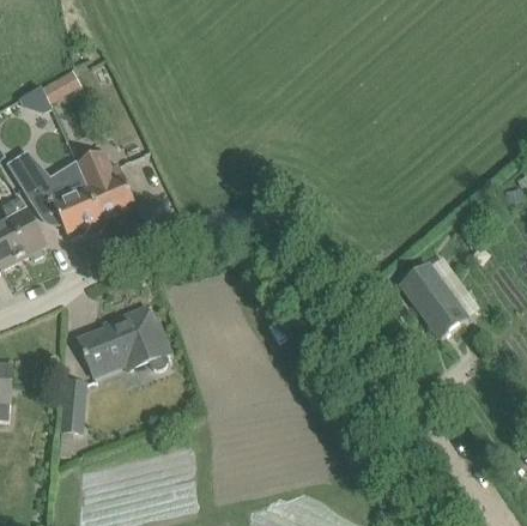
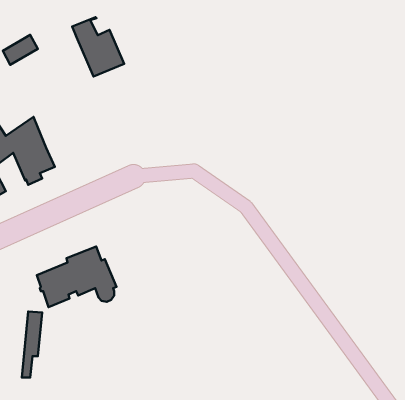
building: [77,150,135,217] -> [72,17,124,77]
building: [401,264,468,339] -> none

